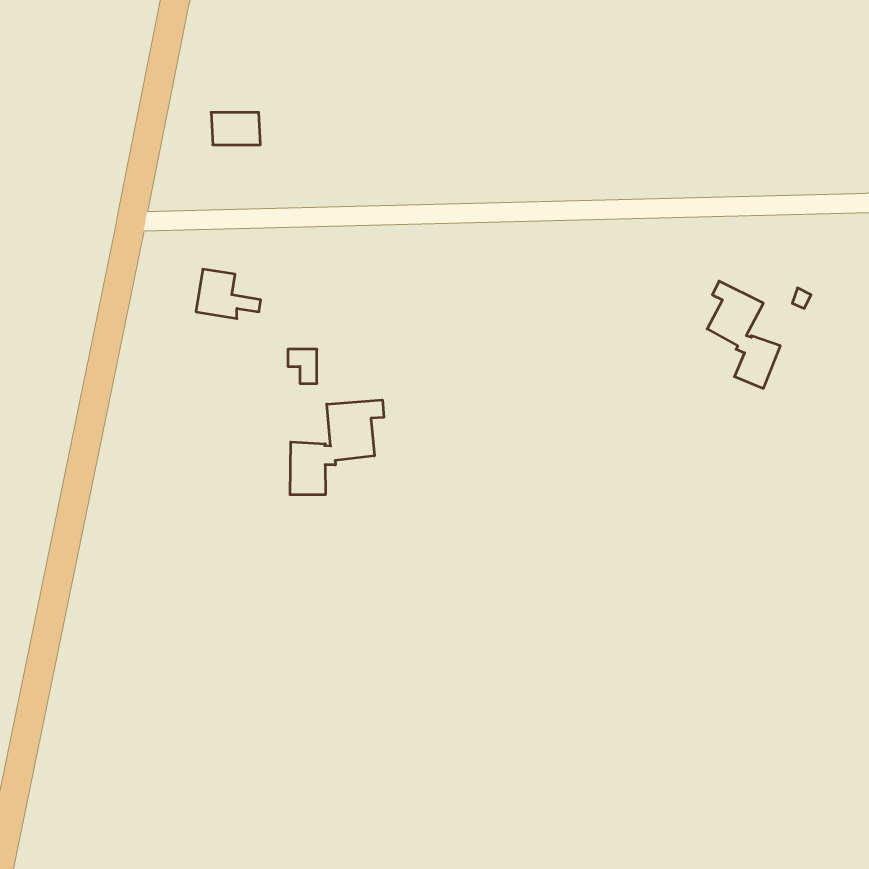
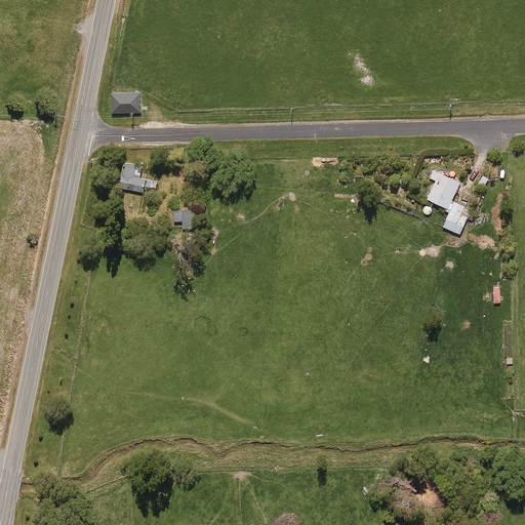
building: [211,112,260,145] -> [110,93,139,113]
building: [290,400,384,495] -> none

